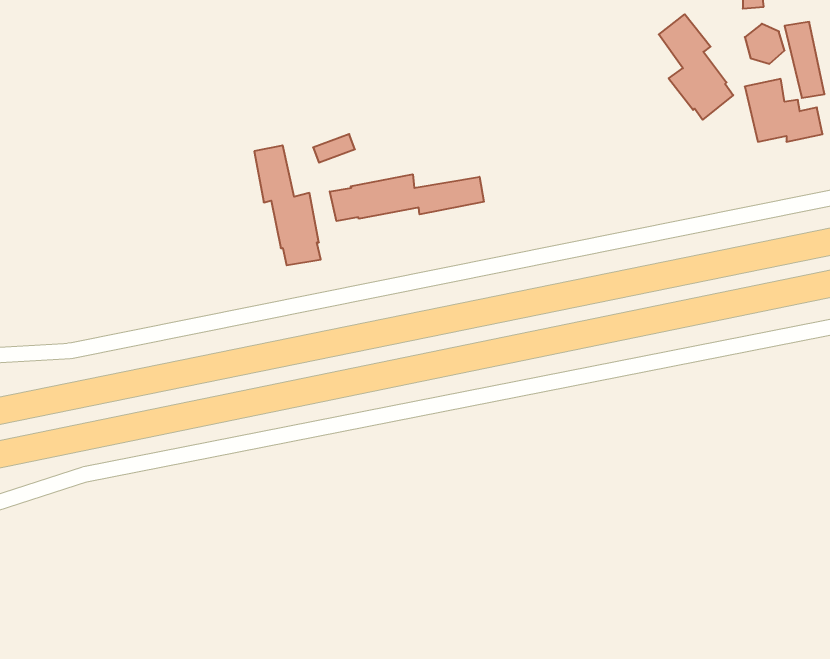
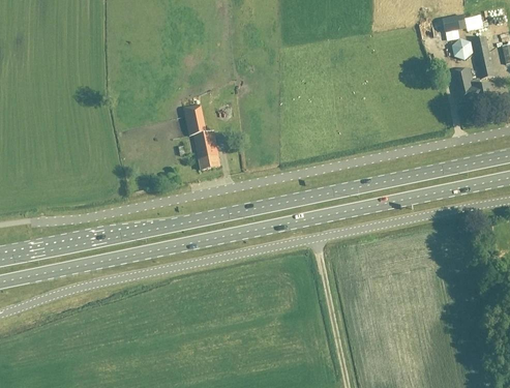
building: [659,14,733,120] -> none
building: [330,174,484,221] -> none

